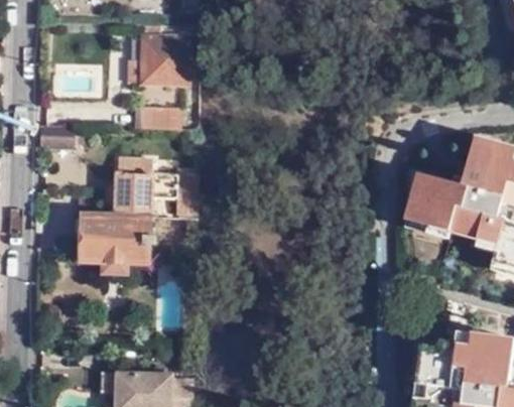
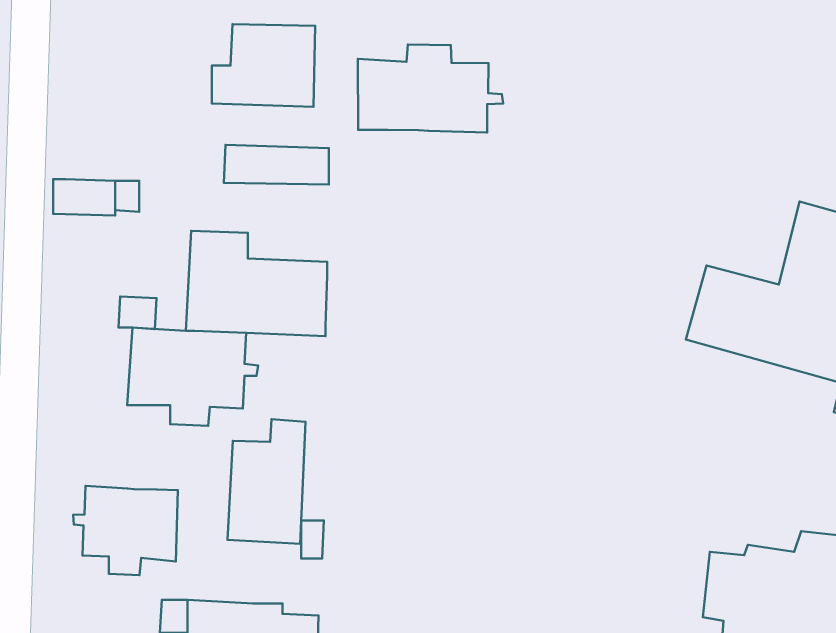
building: none -> [358,44,503,133]
building: none -> [227,419,306,544]
building: none -> [73,486,178,575]

